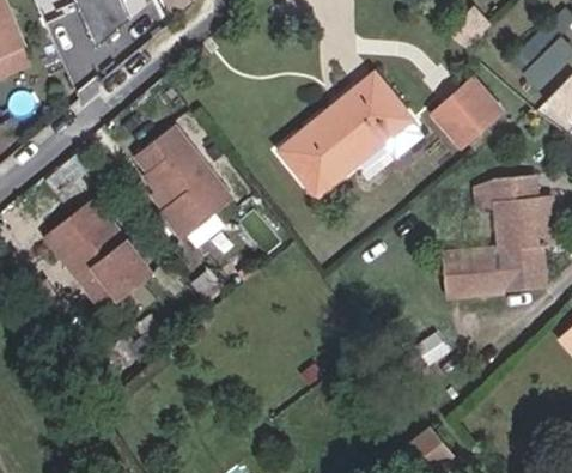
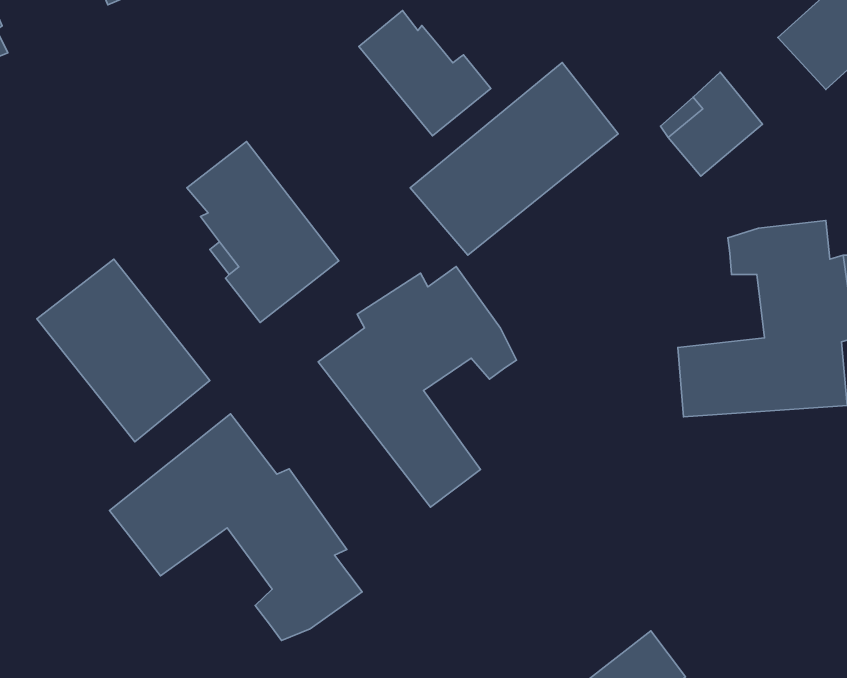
building: none -> [359,10,491,136]
building: none -> [318,266,517,507]
building: none -> [110,414,362,640]

